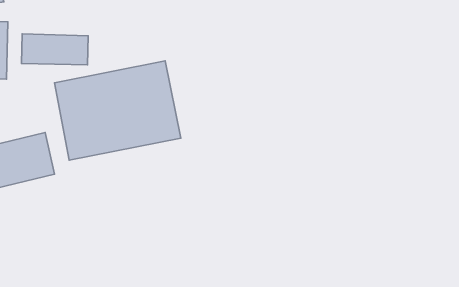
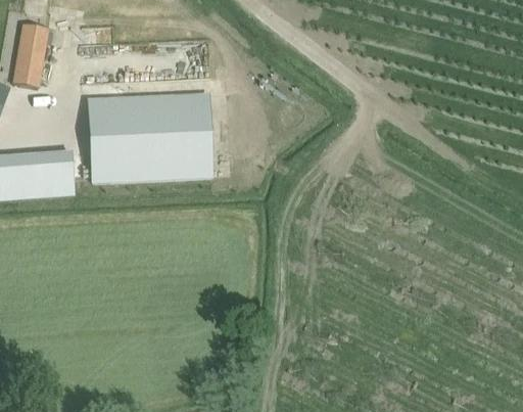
building: [21,34,88,65] -> none

